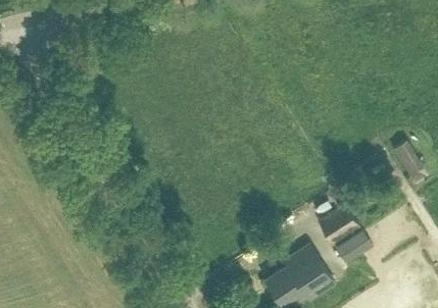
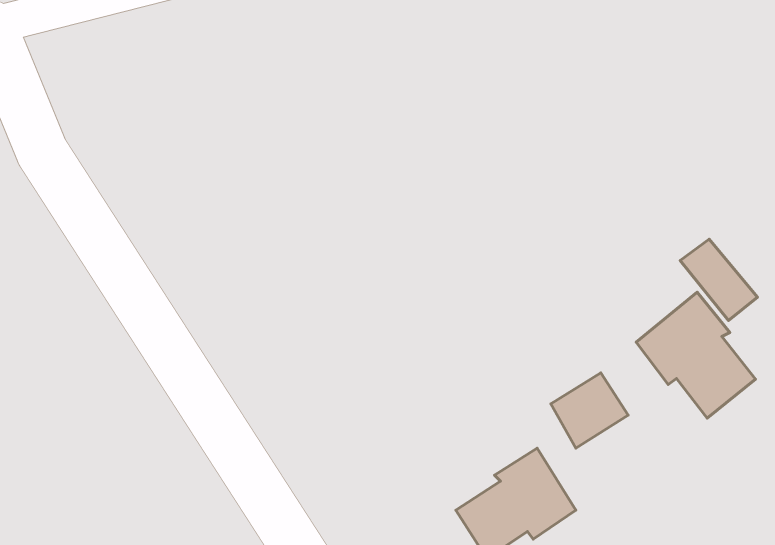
building: none -> [636,292,756,418]
building: [335,233,372,265] -> none

